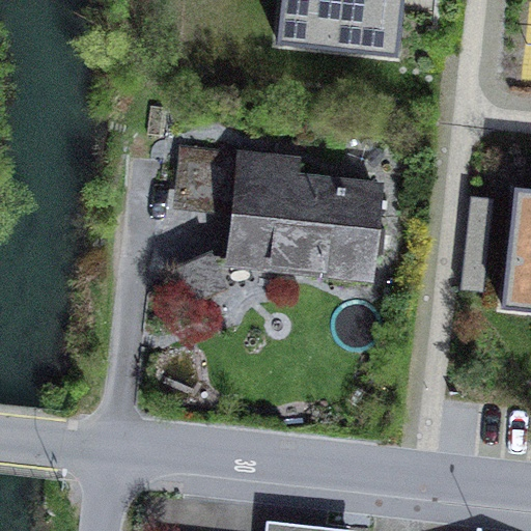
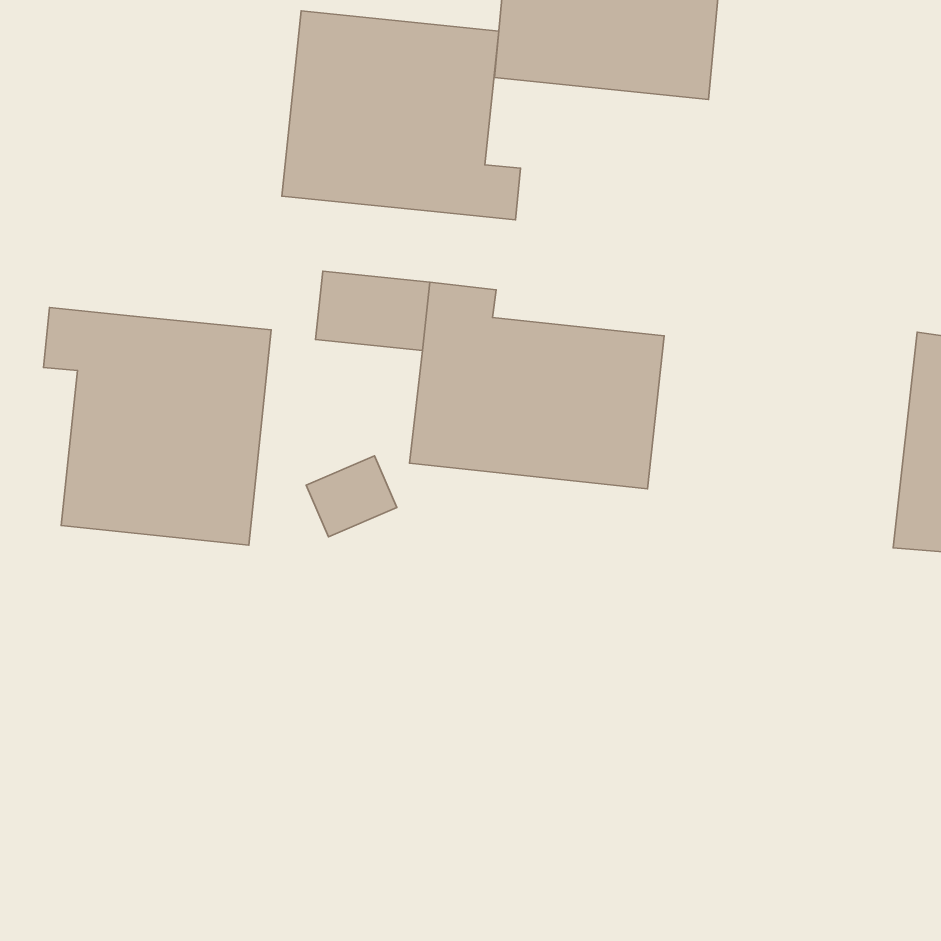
building: none -> [282,11,521,220]
building: none -> [43,308,271,545]

